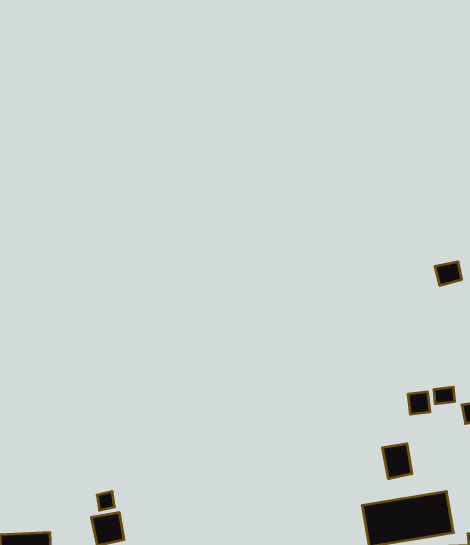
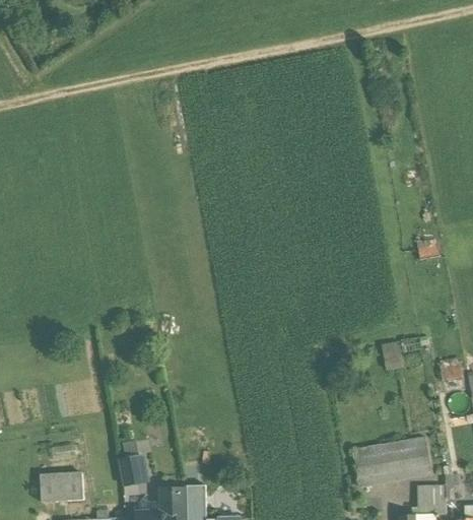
building: [382,444,412,479] -> none

